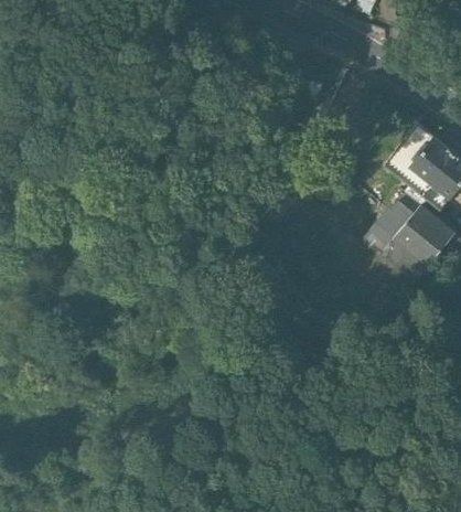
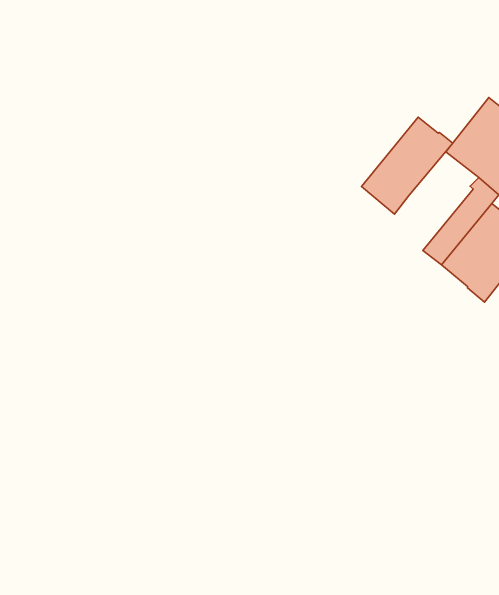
building: none -> [361,117,453,214]

